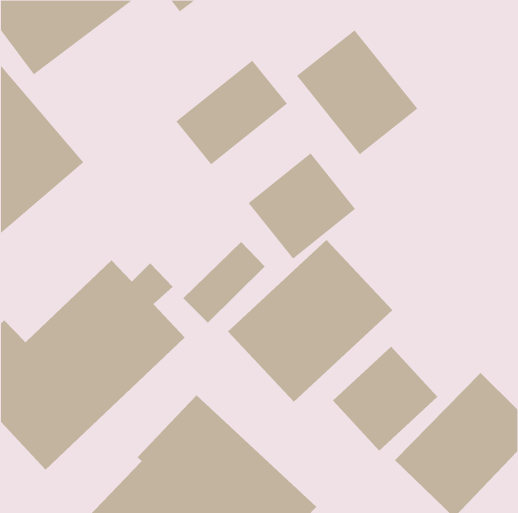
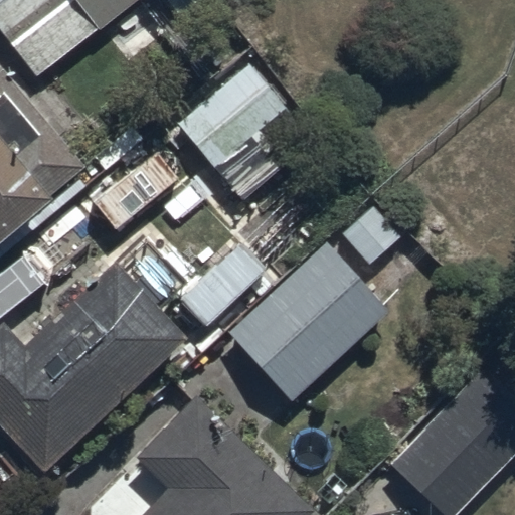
building: [296,29,418,155] -> none
building: [248,152,356,259] -> none
building: [332,346,438,452] -> none

